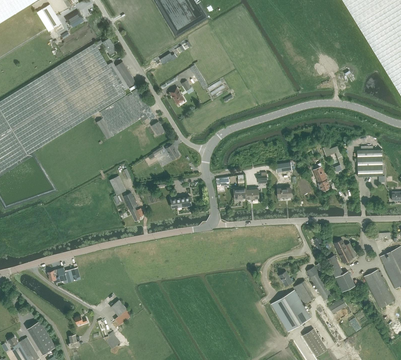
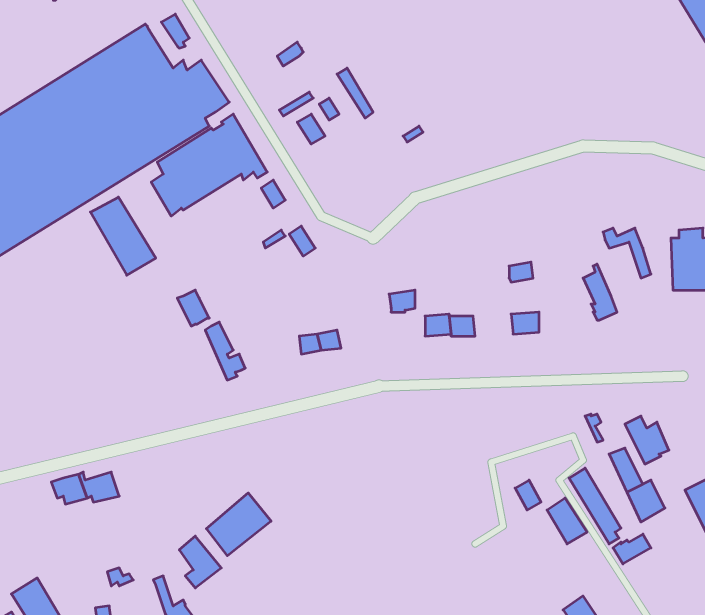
building: none -> [90,197,156,275]
building: none -> [206,493,271,556]
building: [271,290,312,332] -> none

